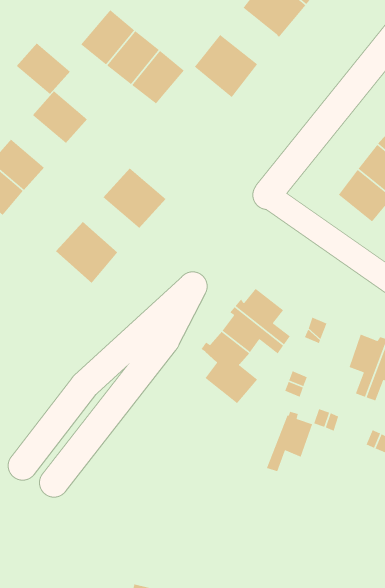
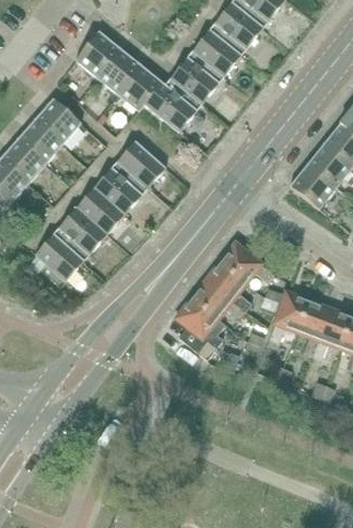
building: none -> [191,28,240,75]
building: [16,43,71,95] -> [16,118,62,162]
building: none -> [143,78,201,131]
building: none -> [116,140,165,188]
building: none -> [77,187,123,233]
building: none -> [35,232,84,280]
building: none -> [221,242,273,282]
building: [266,411,313,472] -> [269,290,308,341]

